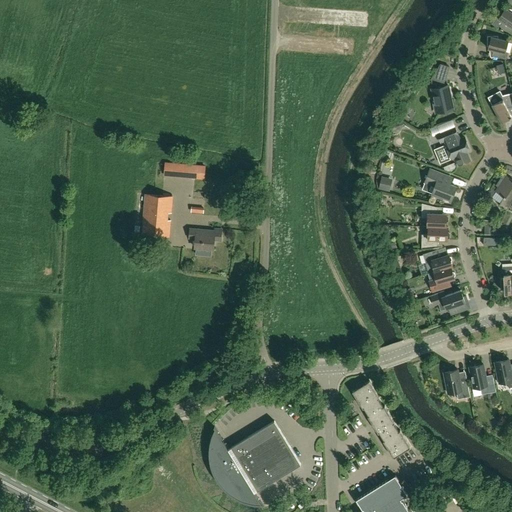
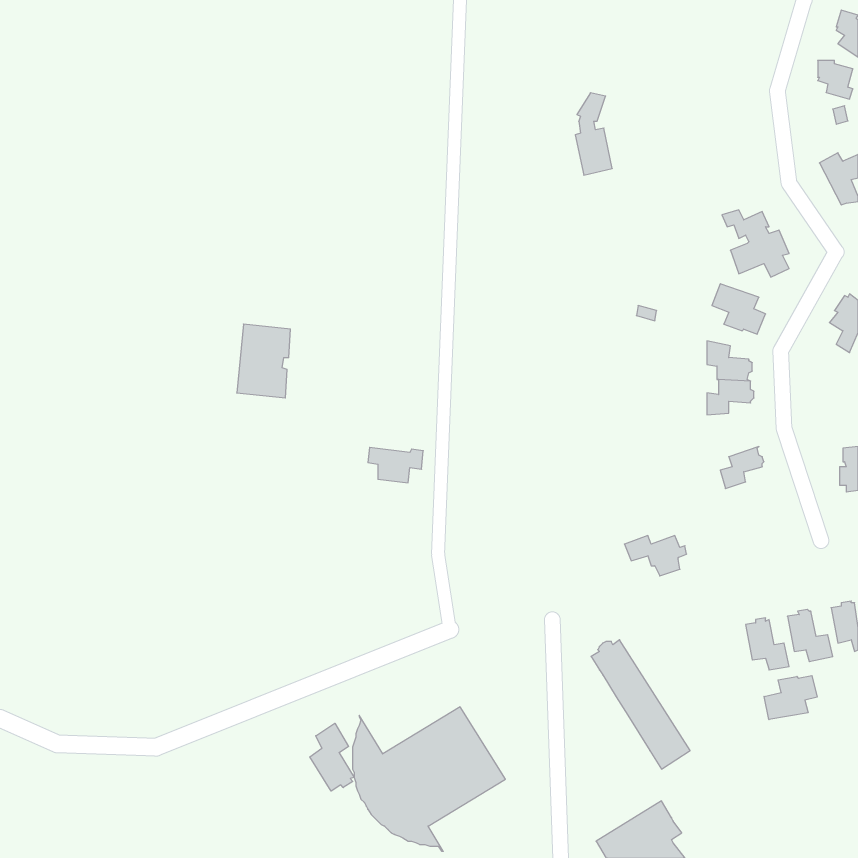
building: [431,64,453,113] -> [575,93,612,175]
building: [164,162,205,179] -> none
building: [189,228,222,249] -> [368,447,423,483]
building: [422,250,452,273] -> none
building: [430,290,467,314] -> [624,536,687,576]
building: none -> [764,676,817,720]
building: none -> [310,723,354,791]

